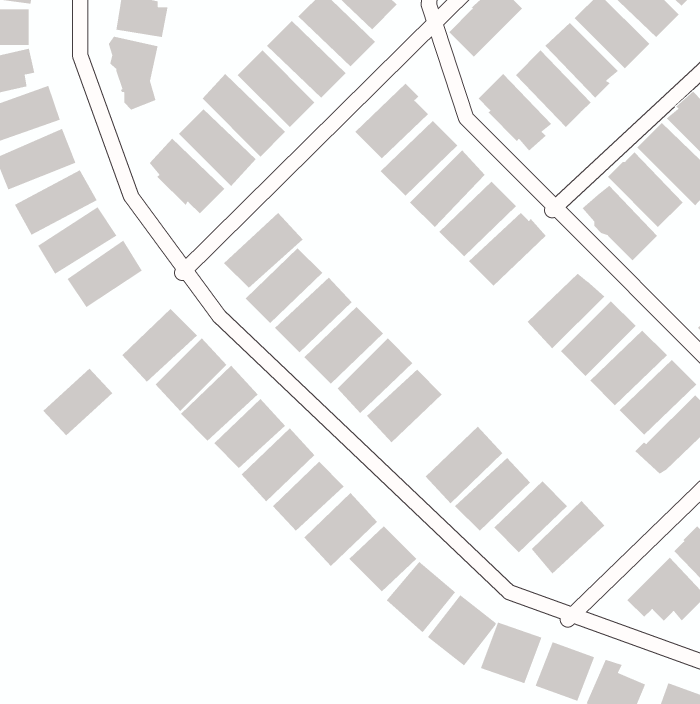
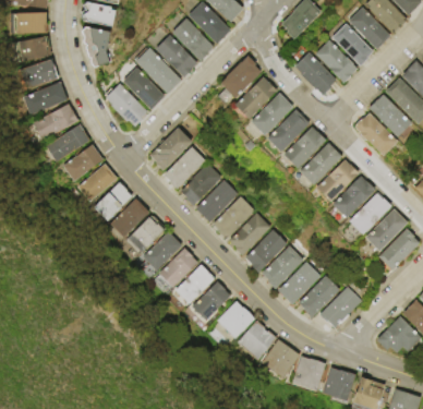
building: none -> [303,142,346,184]
building: [43,368,113,436] -> [81,161,120,200]
building: none -> [247,229,289,270]

